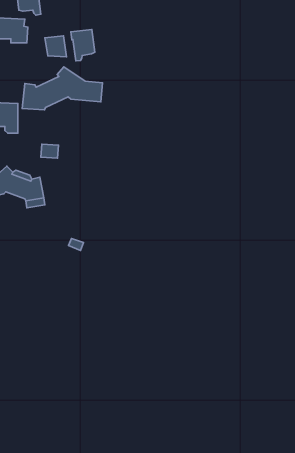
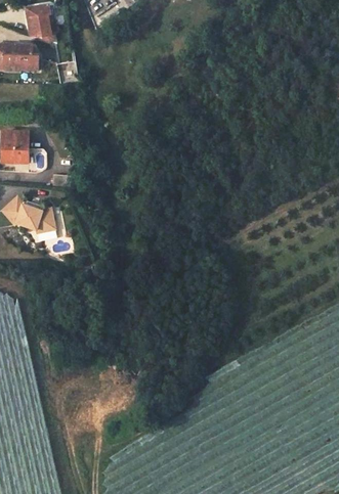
building: [71,29,95,61] -> none
building: [22,67,103,110] -> none

